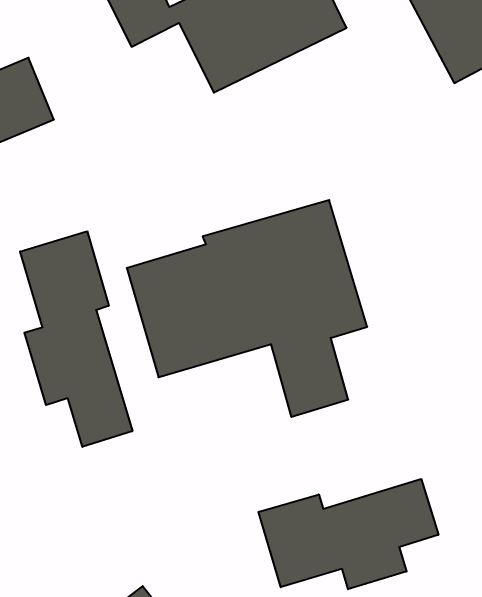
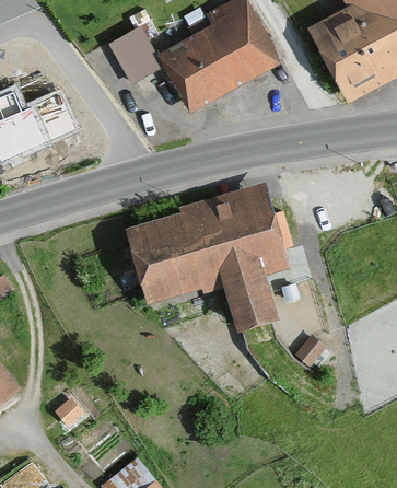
building: [20,231,132,447] -> none
building: [258,479,438,589] -> none

